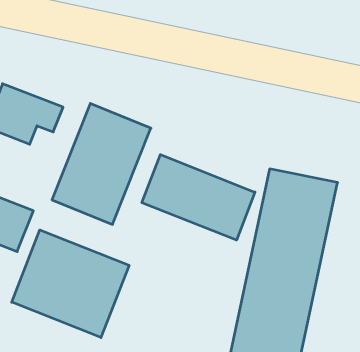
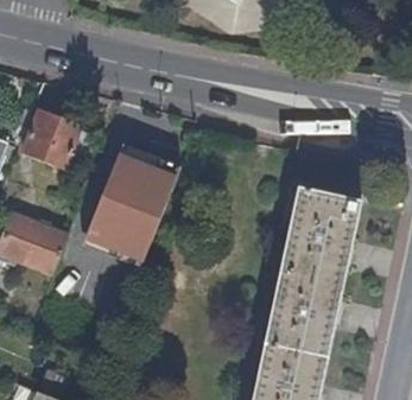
building: [142,155,255,240] -> none
building: [12,230,129,338] -> none

